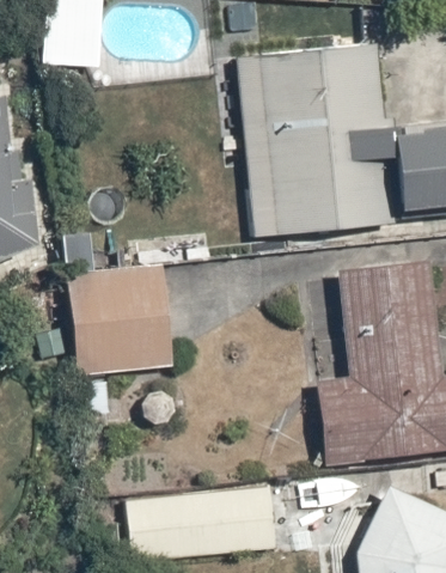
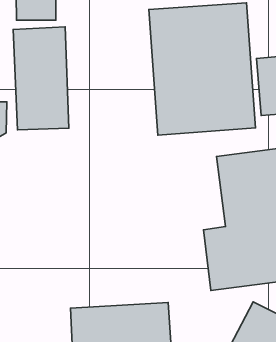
building: none -> [13,27,69,130]
building: [67,269,172,373] -> none

